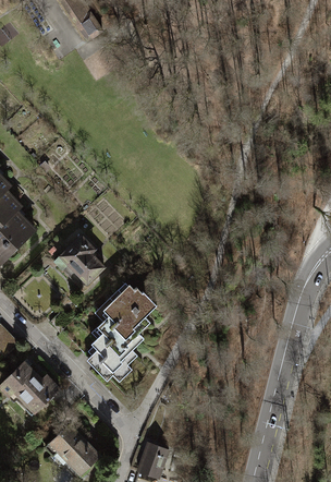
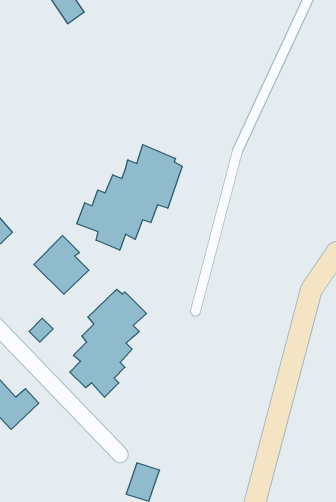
building: none -> [77,145,182,250]
building: [45,420,98,472] -> none

